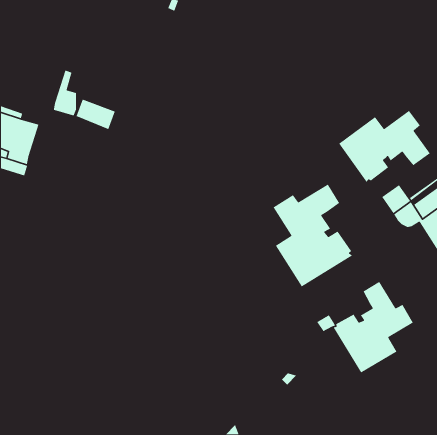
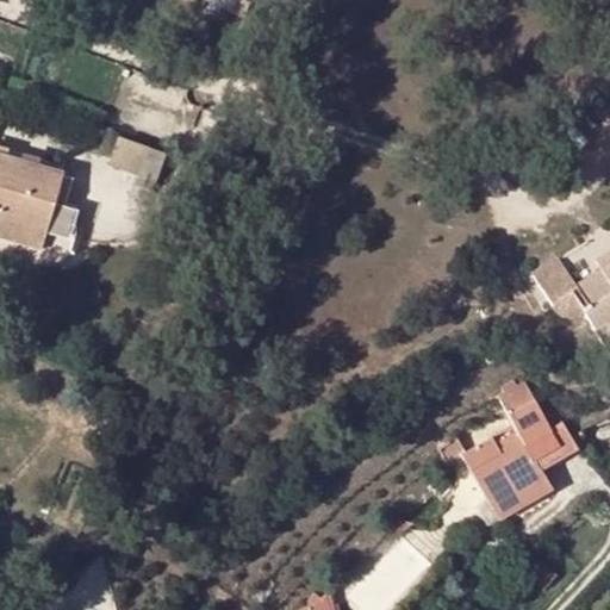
building: [53,69,77,117] -> [39,173,73,238]
building: [338,110,431,183] -> none
building: [273,183,353,287] -> none

